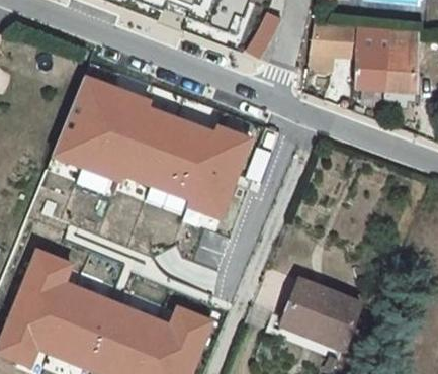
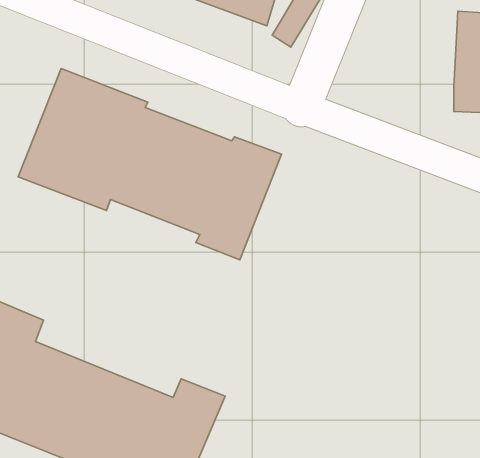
building: [311,26,385,88] -> none
building: [279,278,361,356] -> none

